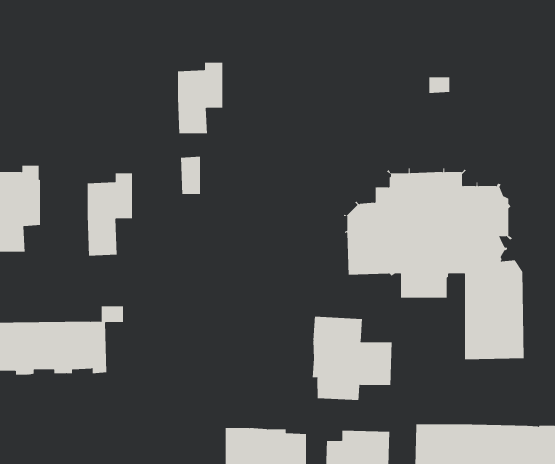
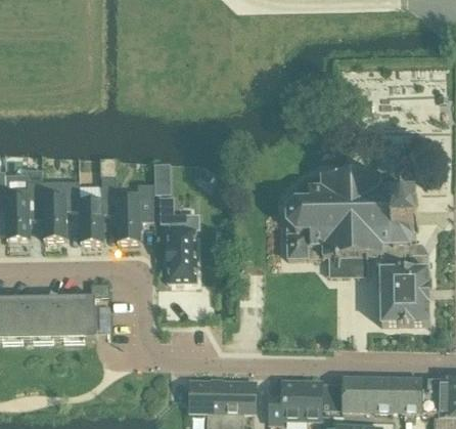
building: [177,62,223,134] -> [116,184,152,242]
building: none -> [42,181,79,239]
building: none -> [159,198,195,283]
building: [312,316,392,401] -> none

